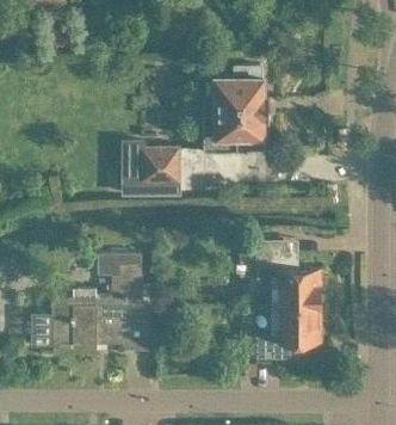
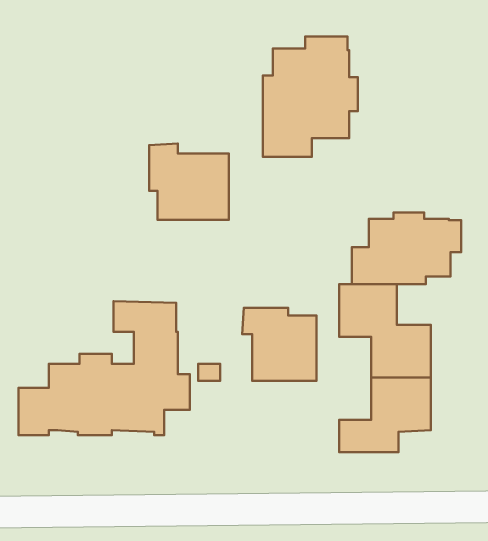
building: none -> [352,212,461,284]
building: none -> [242,308,316,381]

